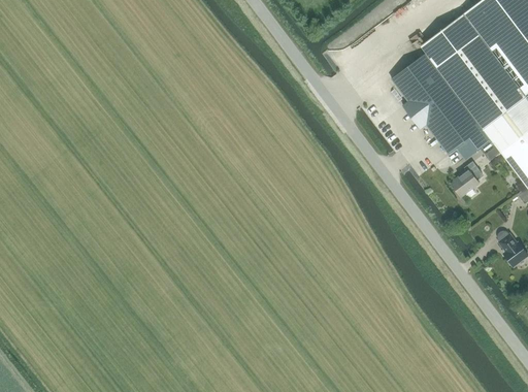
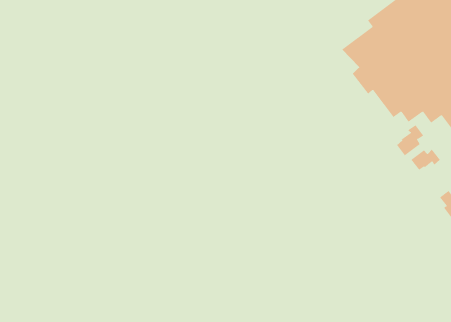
building: none -> [411,149,440,171]

